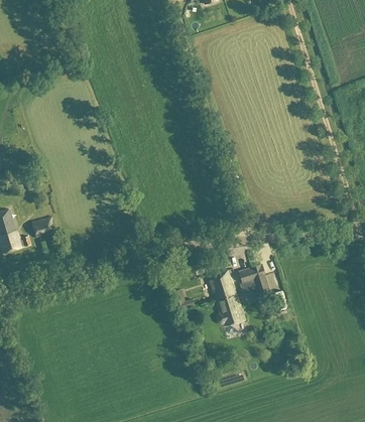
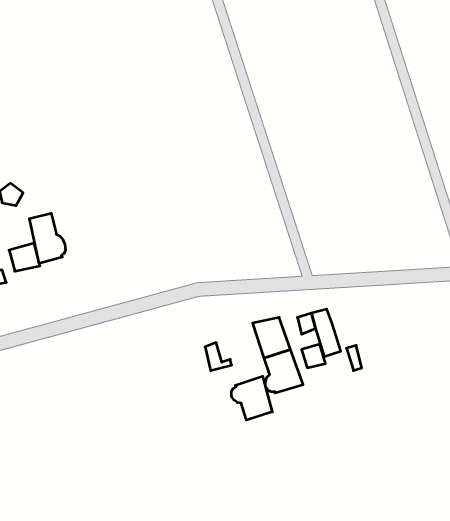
building: none -> [29,213,65,263]
building: none -> [231,376,272,420]

